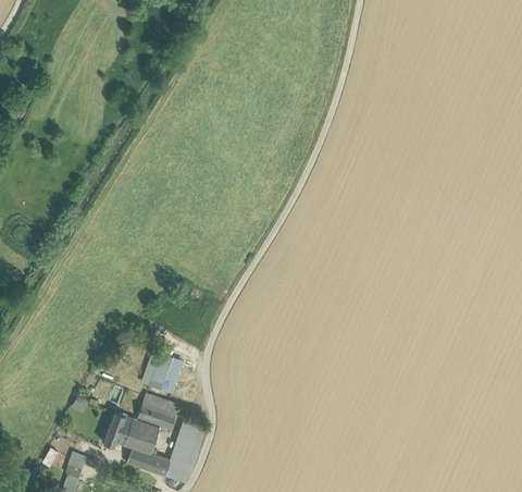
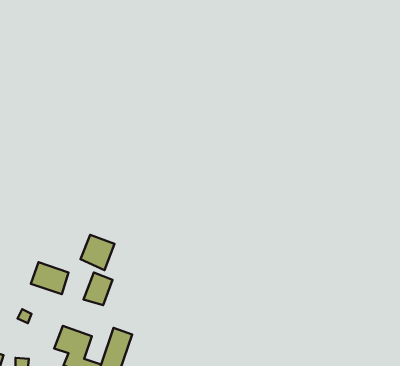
building: none -> [81,235,114,270]
building: [137,393,181,430] -> [31,262,68,294]

